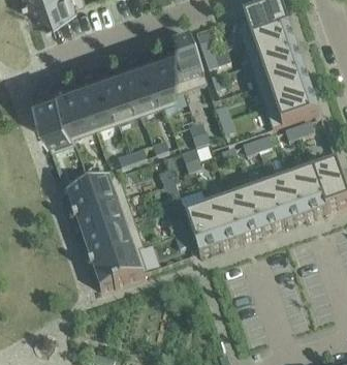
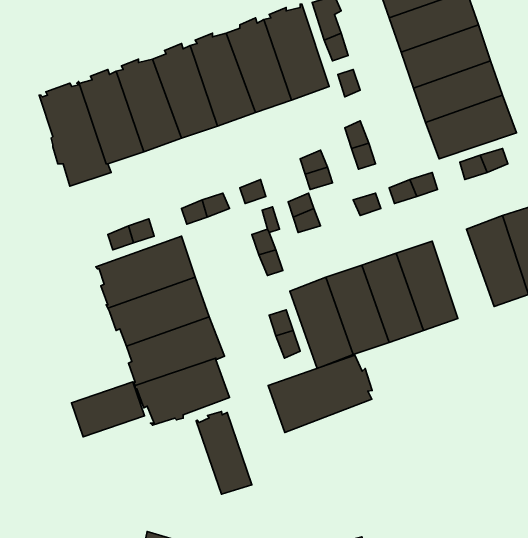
building: [270,176,307,230] -> none
building: none -> [268,355,372,433]
building: none -> [72,382,144,437]
building: none -> [196,412,252,494]

